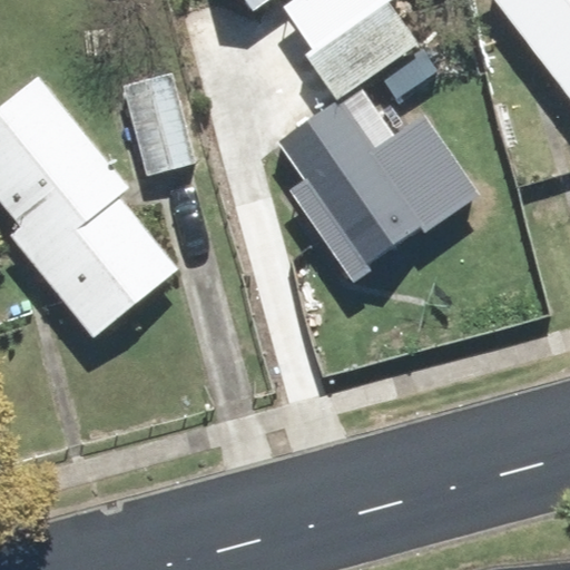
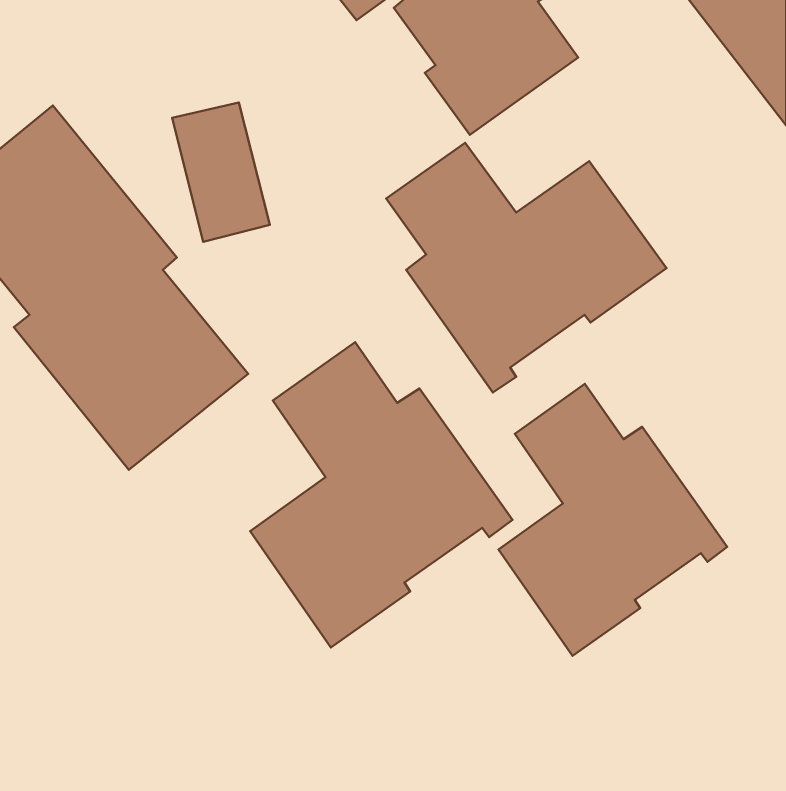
building: none -> [250,342,512,648]
building: none -> [499,384,727,656]

